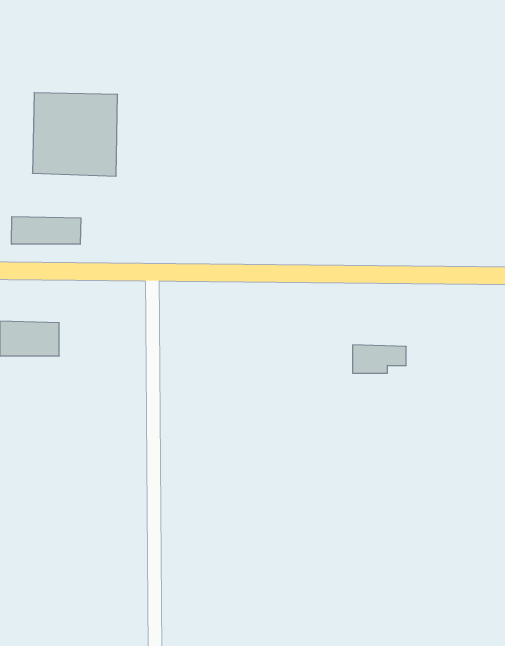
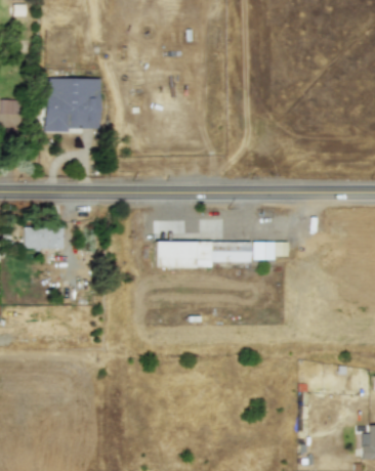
building: [11,217,81,244] -> none
building: none -> [156,241,251,267]

